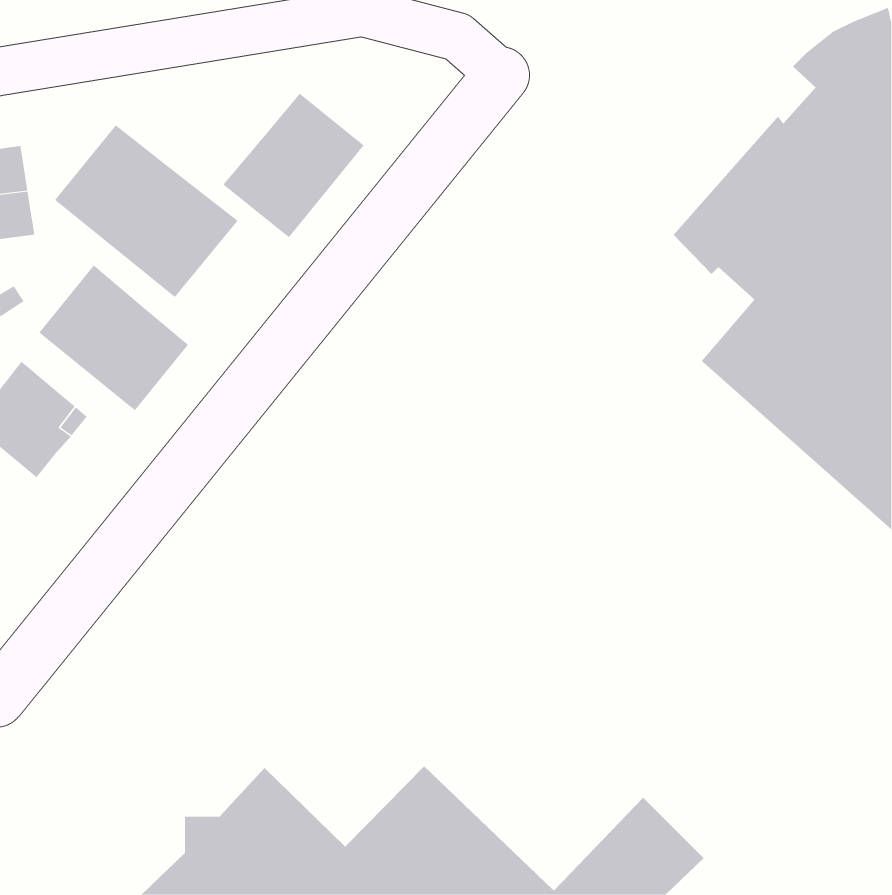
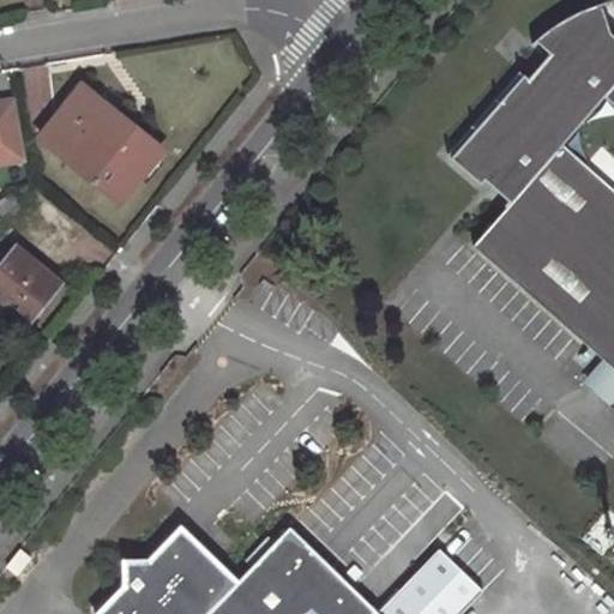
building: [222,93,364,238] -> none
building: [39,264,189,411] -> none

